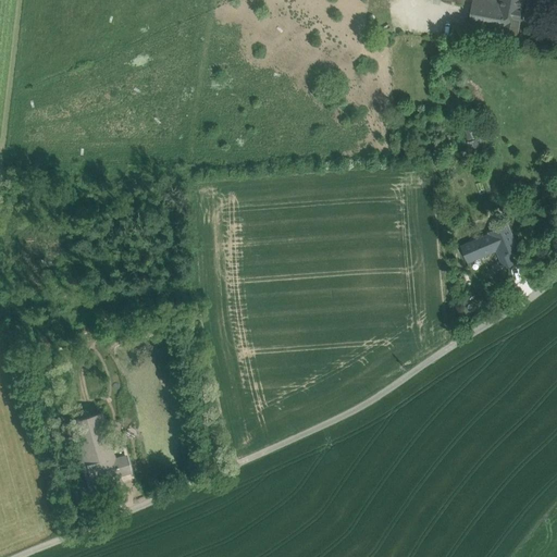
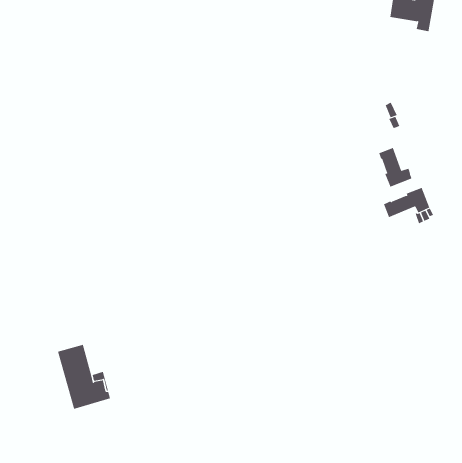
building: none -> [379,147,412,187]

